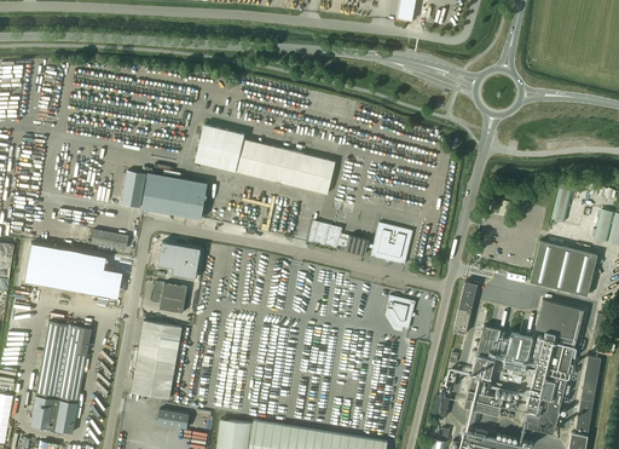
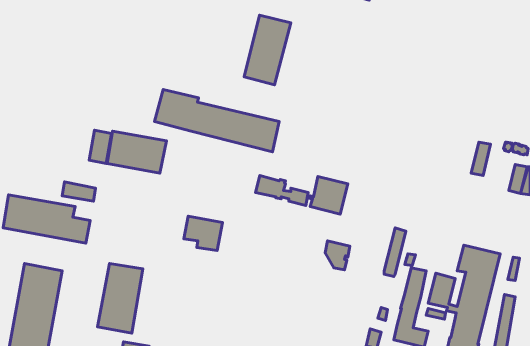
building: none -> [244,15,291,85]
building: [157,241,201,280] -> [184,216,223,251]
building: [530,241,597,295] -> none
building: [152,281,187,313] -> none

